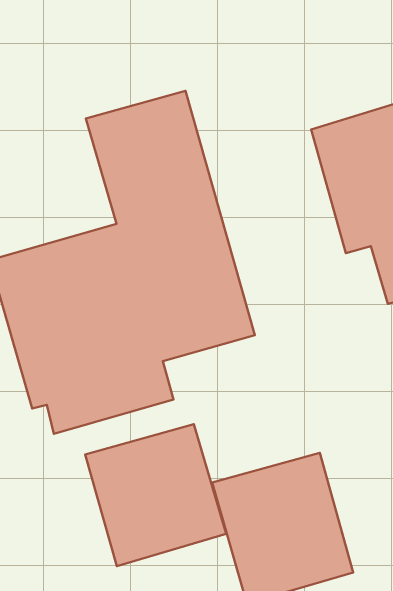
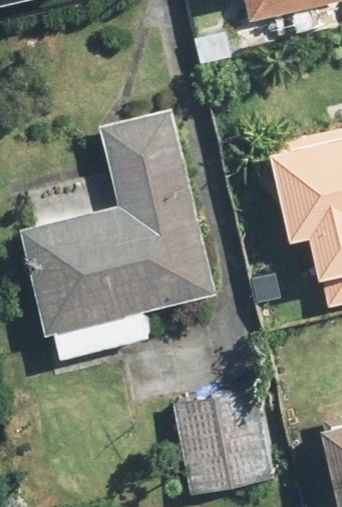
building: [85,424,226,566] -> none

